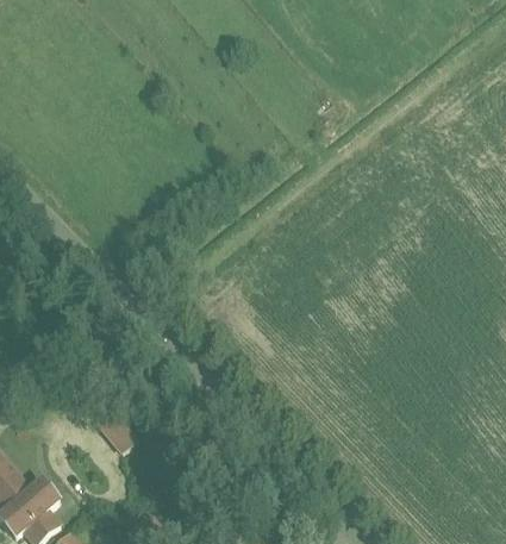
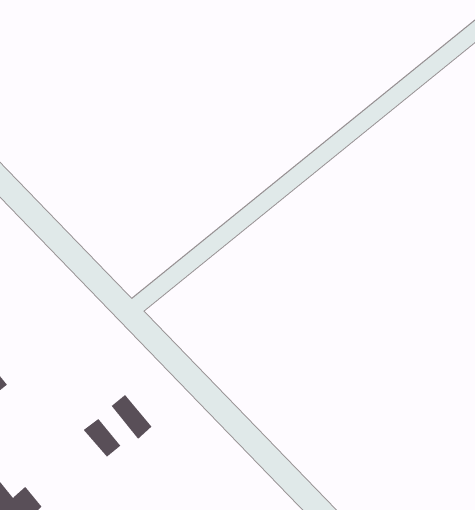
building: none -> [111,394,152,440]

